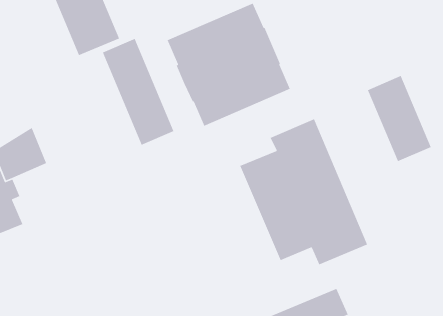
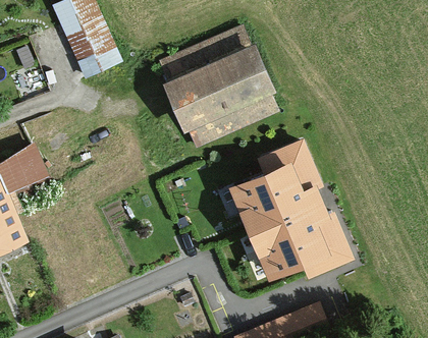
building: [102,38,174,146] -> none
building: [367,75,432,162] -> none

